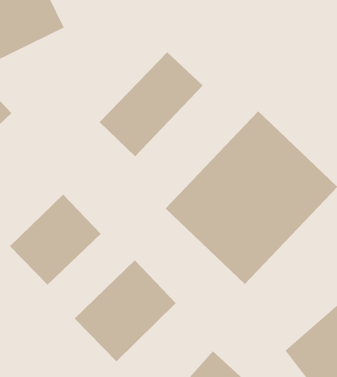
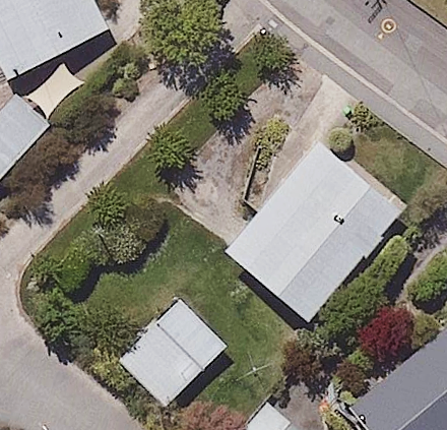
building: [99,51,203,157] -> none
building: [9,194,102,285] -> none

